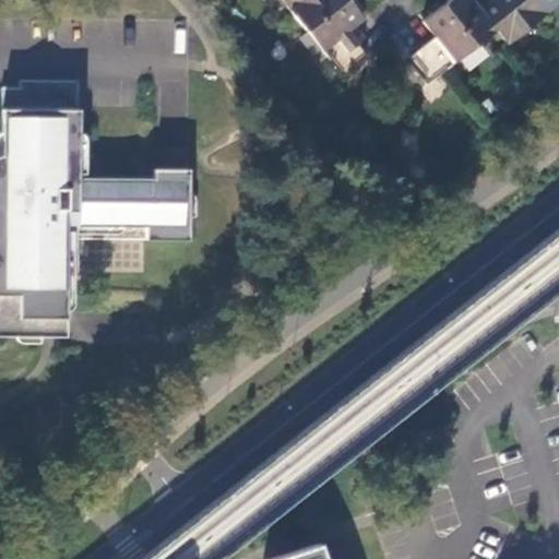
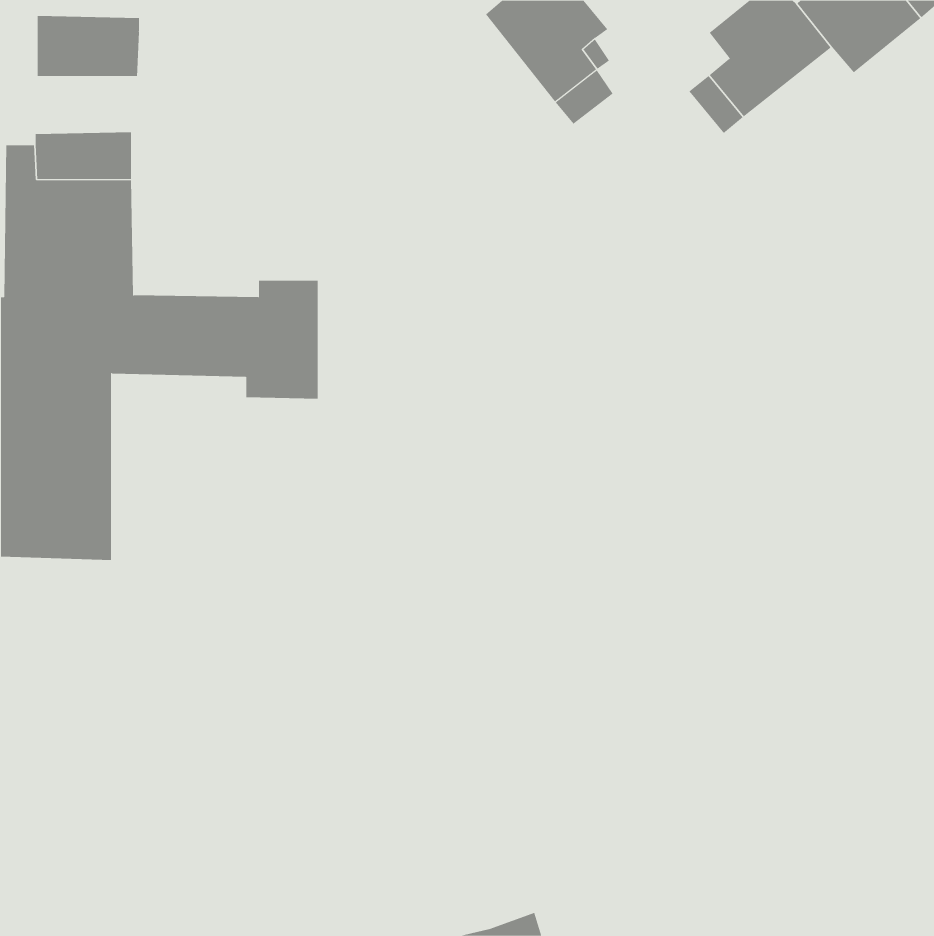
building: none -> [37,15,139,77]

